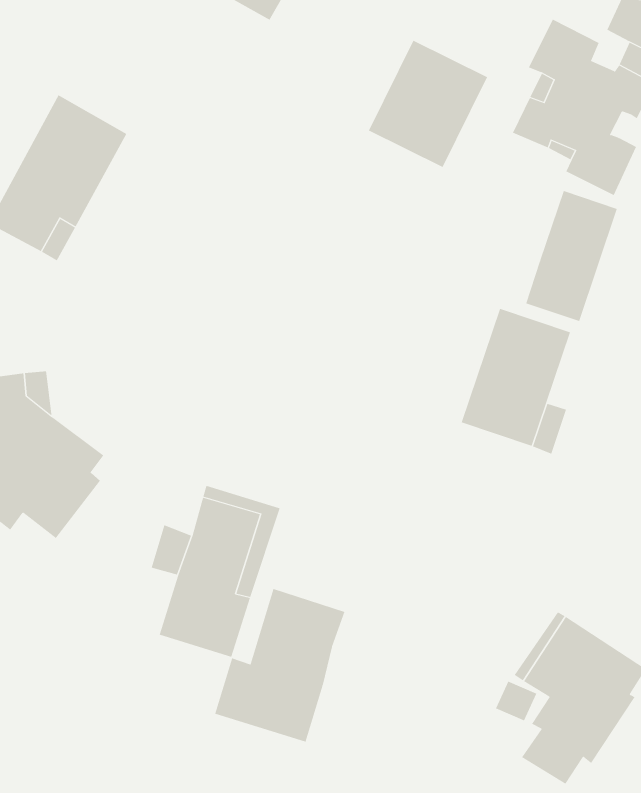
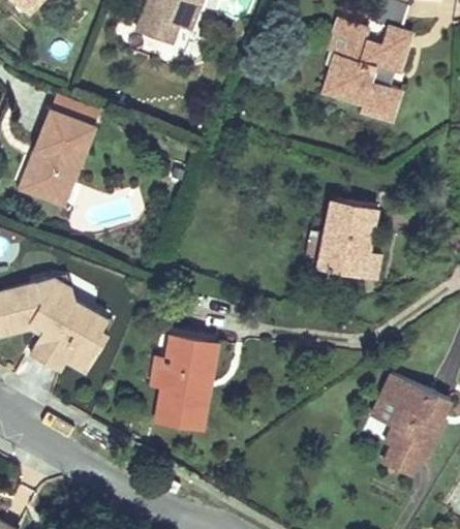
building: [368,40,488,168] -> none
building: [525,190,618,322] -> none
building: [215,588,345,742] -> none

